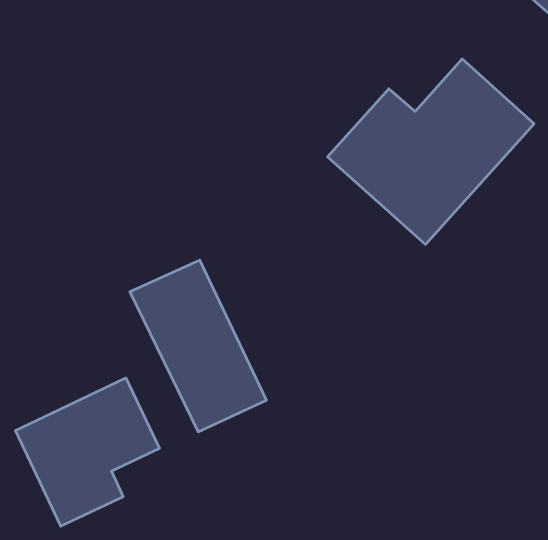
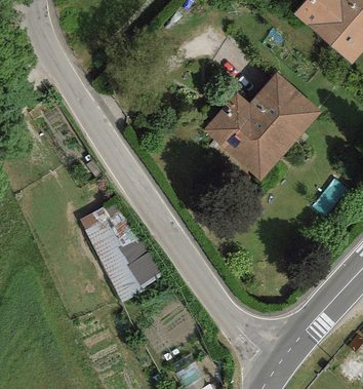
building: [16,378,159,526] -> none

